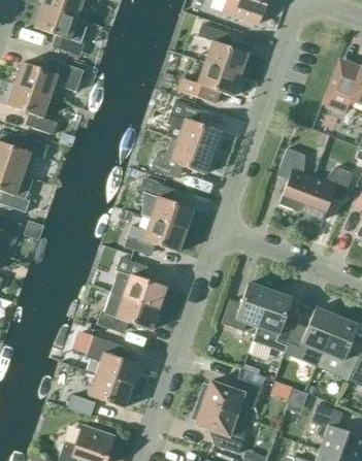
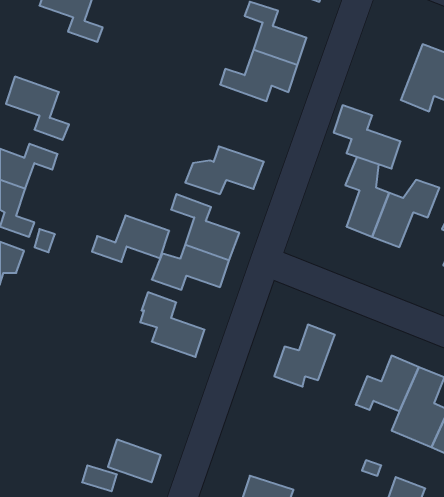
building: [14,59,84,96] -> none
building: [167,101,221,152] -> [334,105,401,169]
building: [253,290,296,353] -> none
building: [97,295,159,332] -> [92,215,169,262]
building: [86,335,139,386] -> none
building: [202,376,263,414] -> none

